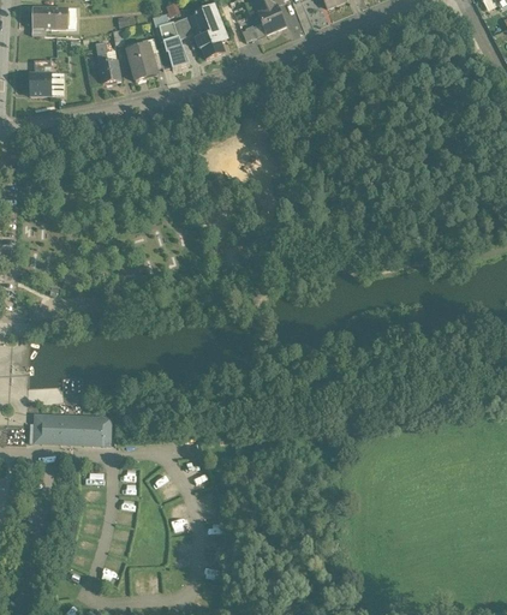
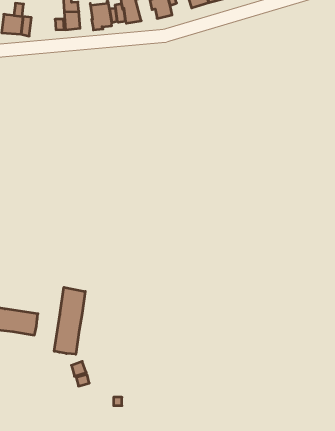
building: none -> [54,287,85,354]

